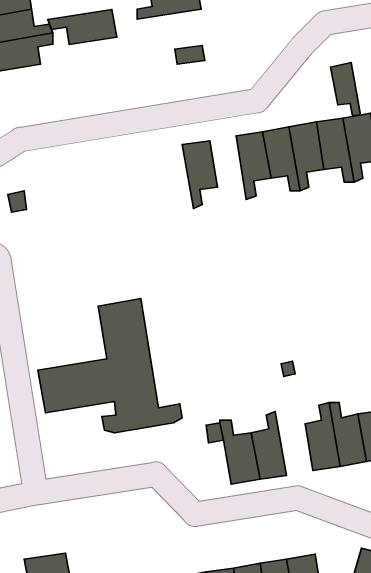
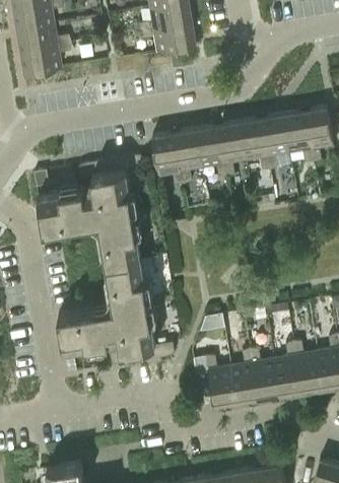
building: [48,10,117,45] -> [138,23,194,52]
building: [330,63,360,116] -> none
building: none -> [197,126,226,178]
building: none -> [152,133,184,185]
building: none -> [38,156,143,264]
building: none -> [250,349,280,401]

